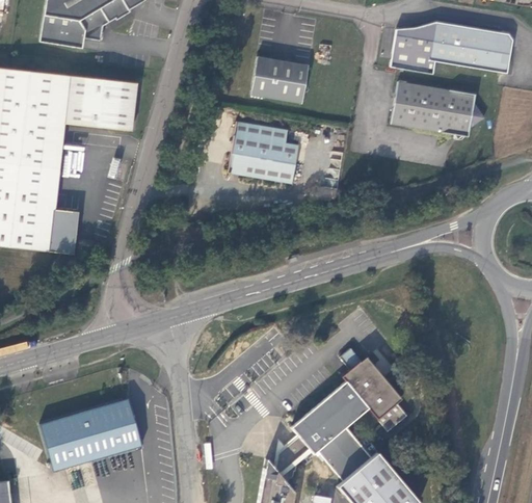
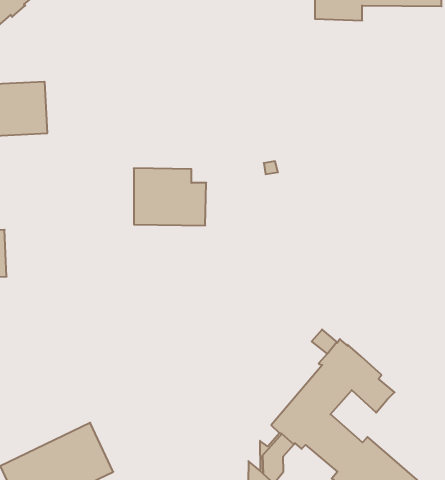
building: [250,56,309,104] -> none
building: [391,81,485,140] -> none
building: [228,121,299,183] -> [134,168,206,225]

